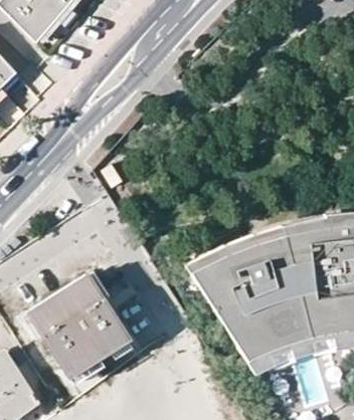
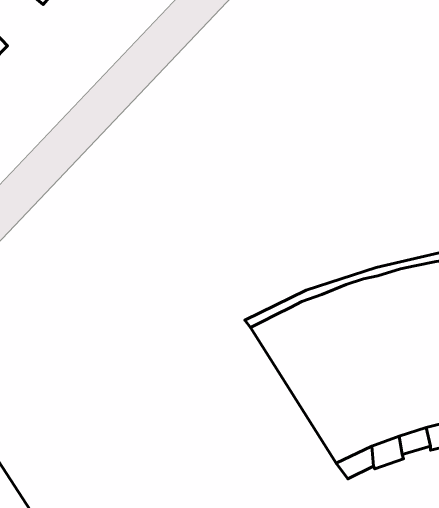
building: [26,274,127,377] -> none

